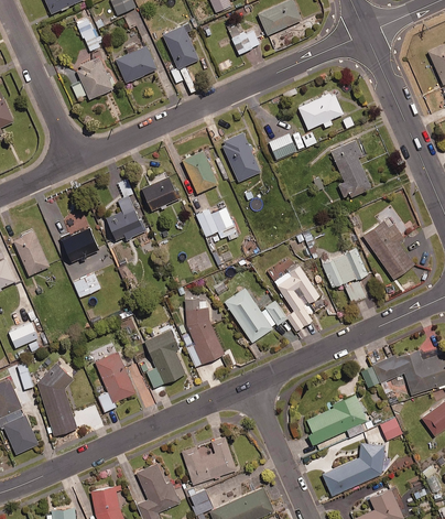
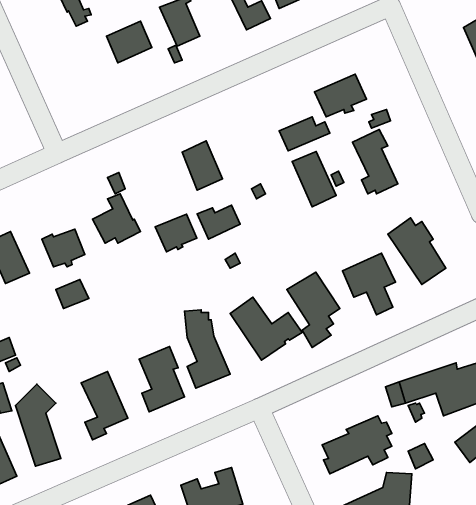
building: [67,60,116,99] -> none
building: [221,133,260,182] -> [292,151,336,207]
building: [142,177,178,210] -> [155,214,197,252]

